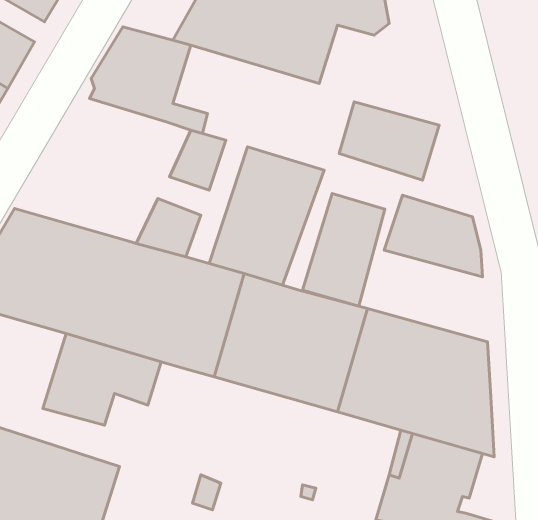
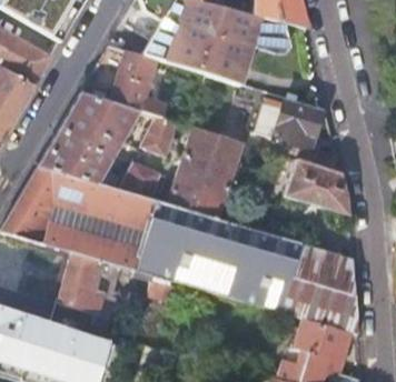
building: none -> [38,92,139,190]
building: [302,194,385,306] -> none

